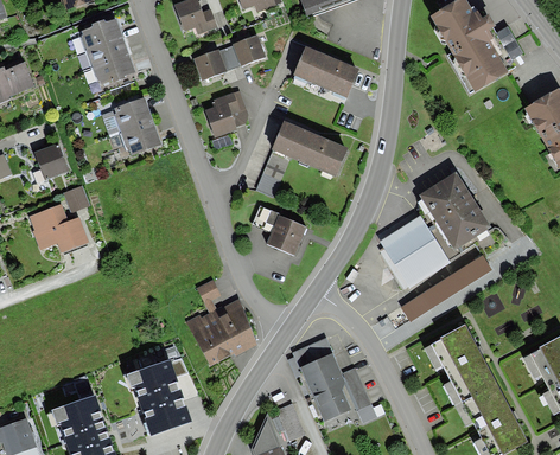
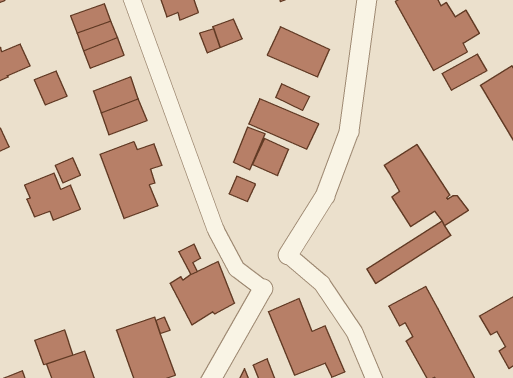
building: [192,49,227,81] -> none
building: none -> [442,54,487,90]
building: [206,90,248,136] -> none
building: none -> [276,84,310,110]
building: [33,142,69,179] -> [34,71,67,105]
building: none -> [100,142,162,219]
building: [266,214,305,255] -> [252,138,289,176]
building: [380,214,448,287] -> none
building: none -> [35,330,73,365]

